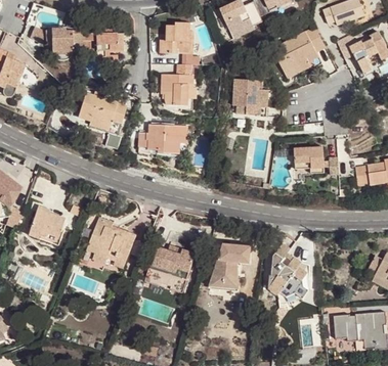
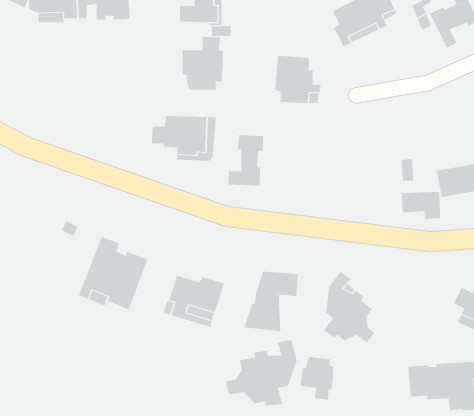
building: [78,93,127,136] -> none
building: none -> [228,135,264,186]
building: [294,147,325,169] -> [401,191,441,220]
building: [29,208,64,239] -> none
building: none -> [225,340,297,406]
building: none -> [300,356,334,401]

